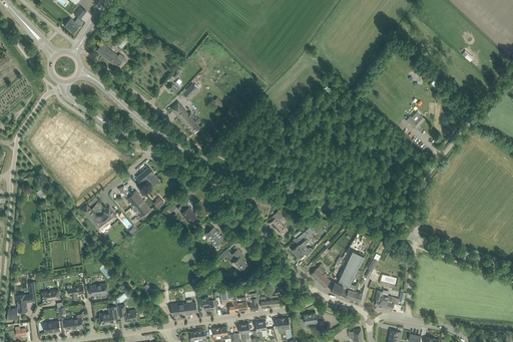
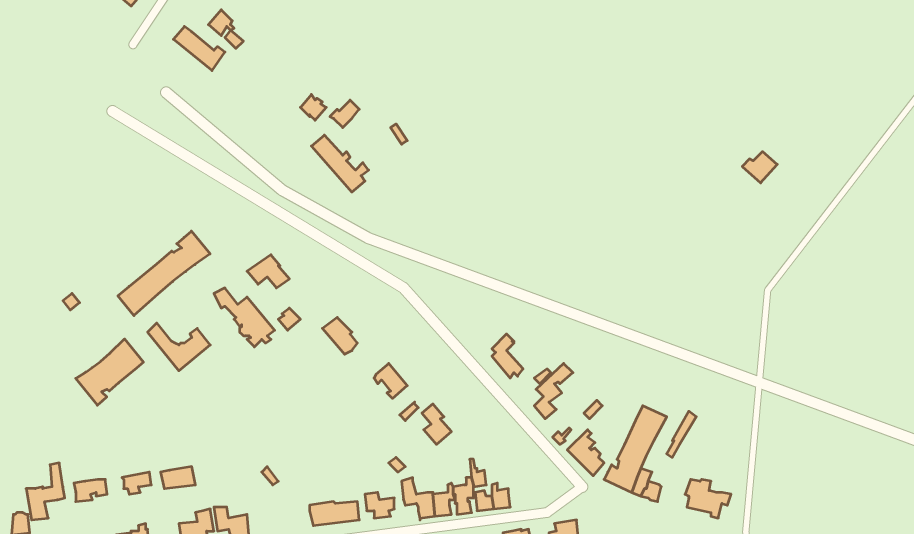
building: none -> [118,231,210,316]
building: none -> [76,339,143,405]

